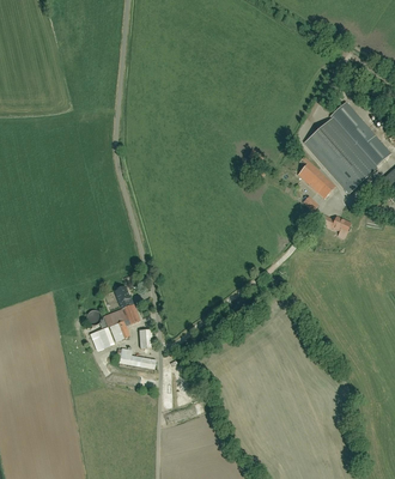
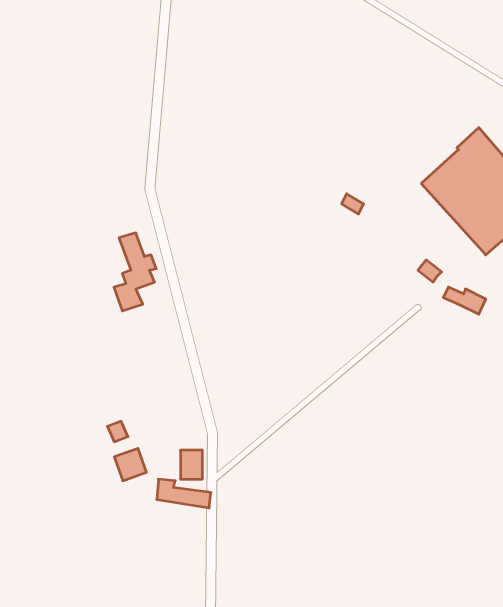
building: [297,156,335,198] -> none
building: [110,284,140,339] -> [114,233,156,311]

